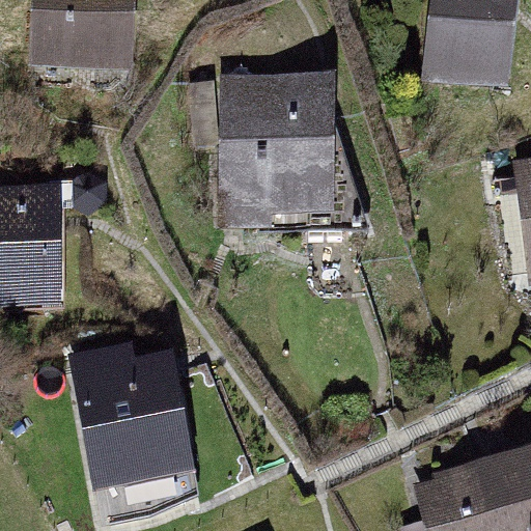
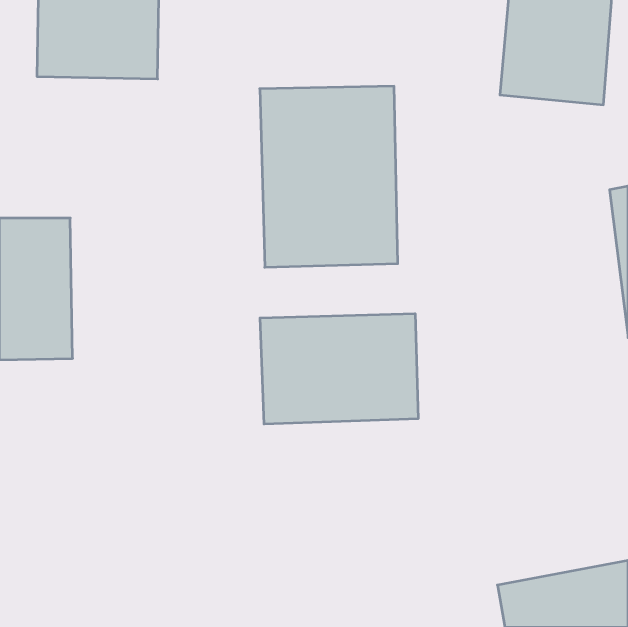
building: none -> [260,314,418,424]
building: [74,361,196,486] -> none

